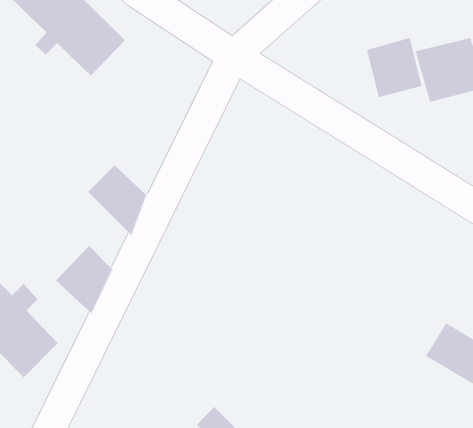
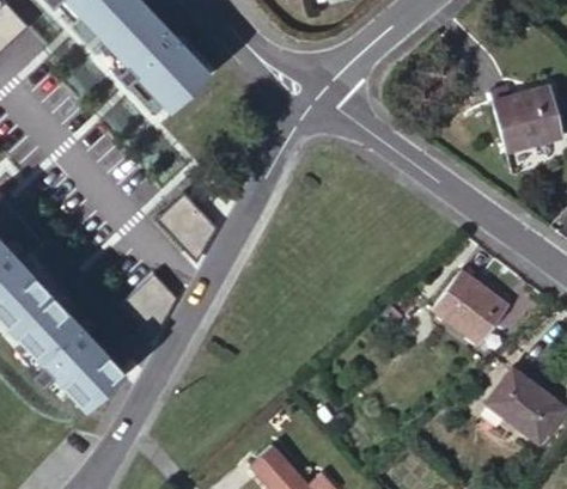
building: [367,37,422,98] -> none
building: none -> [432,273,506,343]

